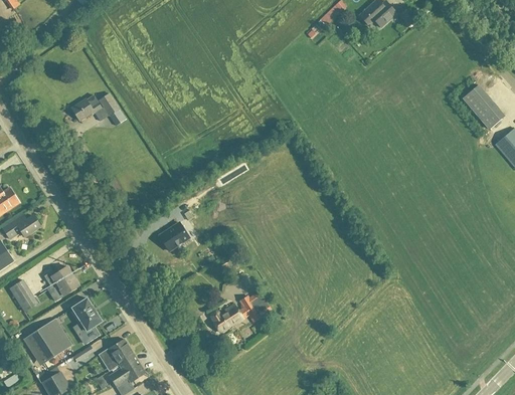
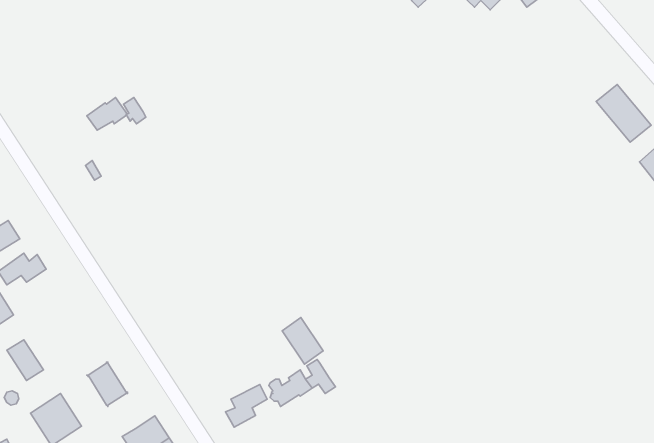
building: [158,222,188,250] -> none
building: none -> [282,317,323,364]
building: [44,266,78,295] -> none
building: none -> [226,385,267,427]

